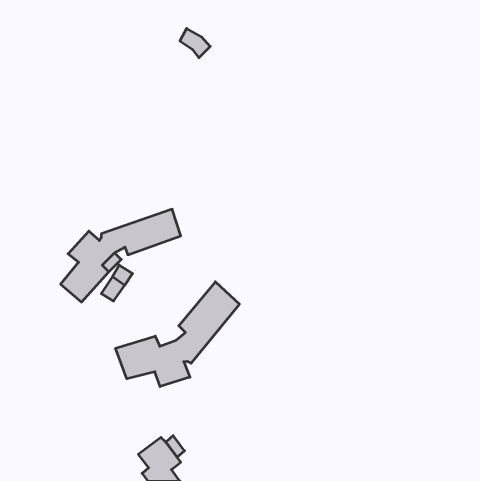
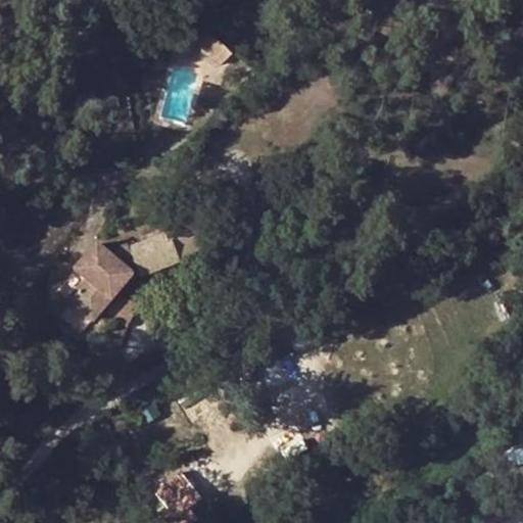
building: [116,282,239,387] -> none

